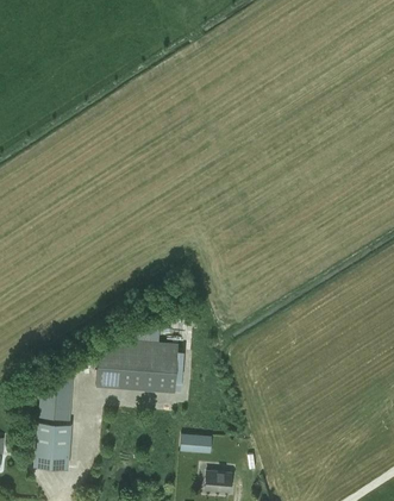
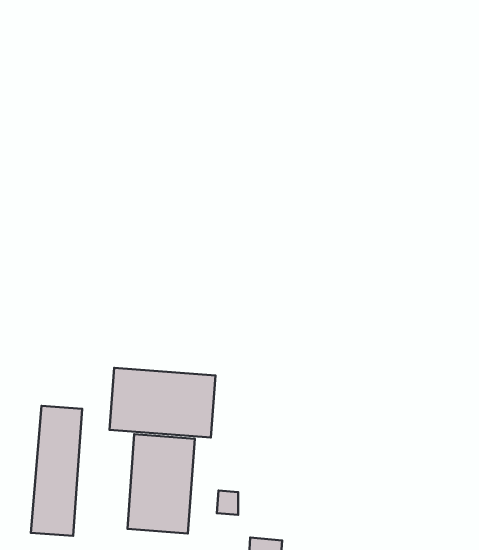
building: none -> [128,434,195,533]

